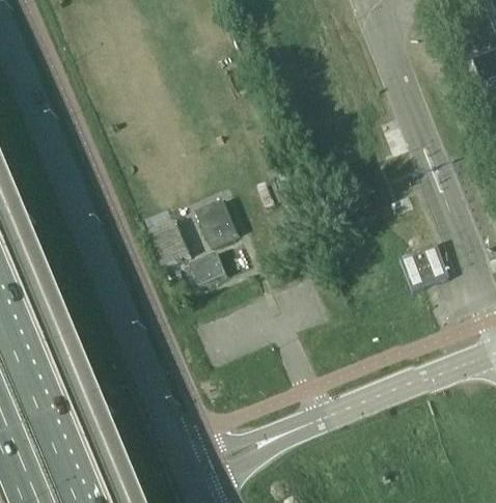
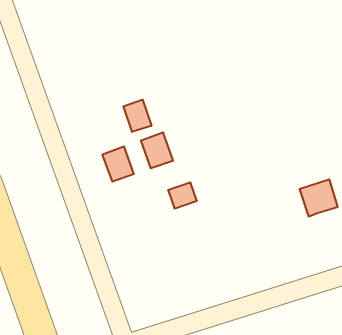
building: none -> [123,100,151,132]
building: [188,251,225,285] -> [168,183,197,208]

